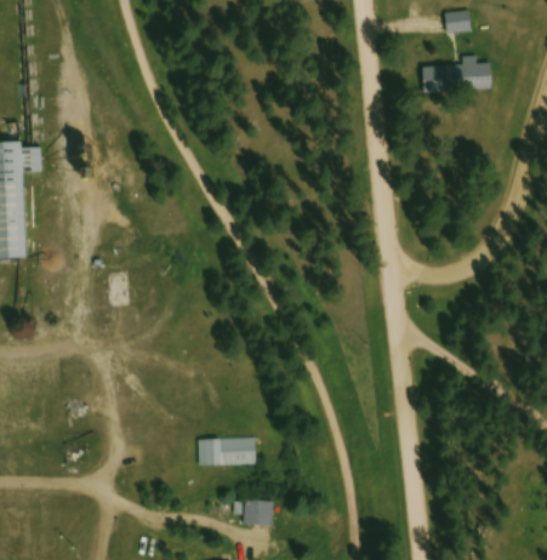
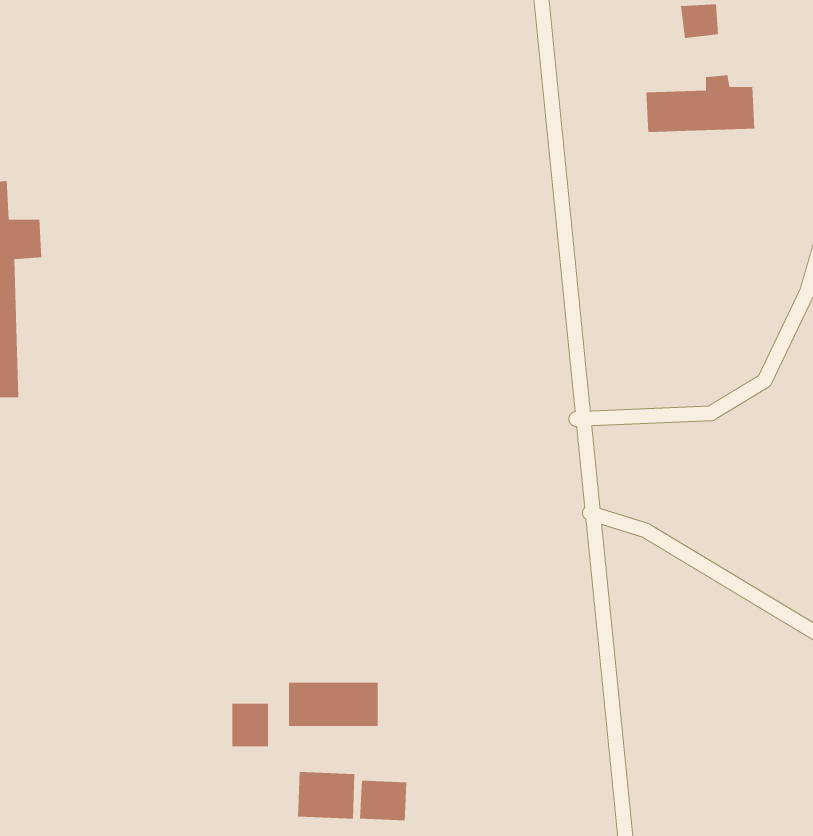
building: none -> [232,703,269,747]
building: none -> [297,771,355,819]

